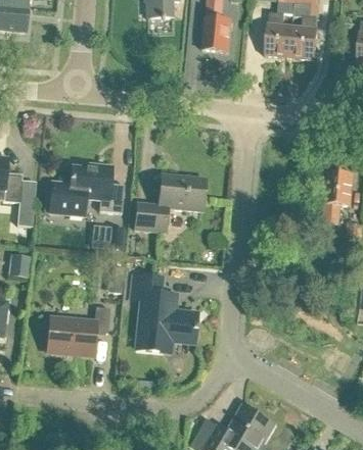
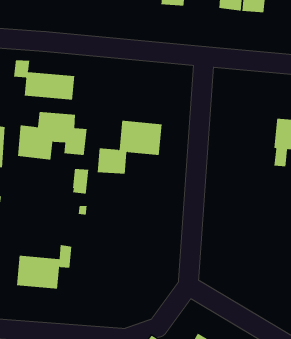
building: none -> [14,59,75,100]
building: [130,273,196,351] -> none

